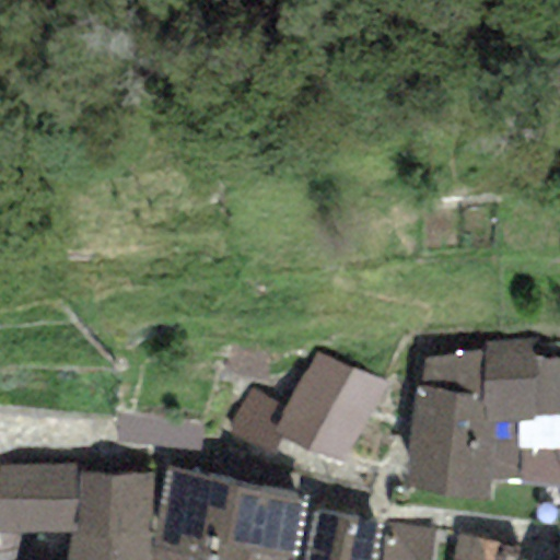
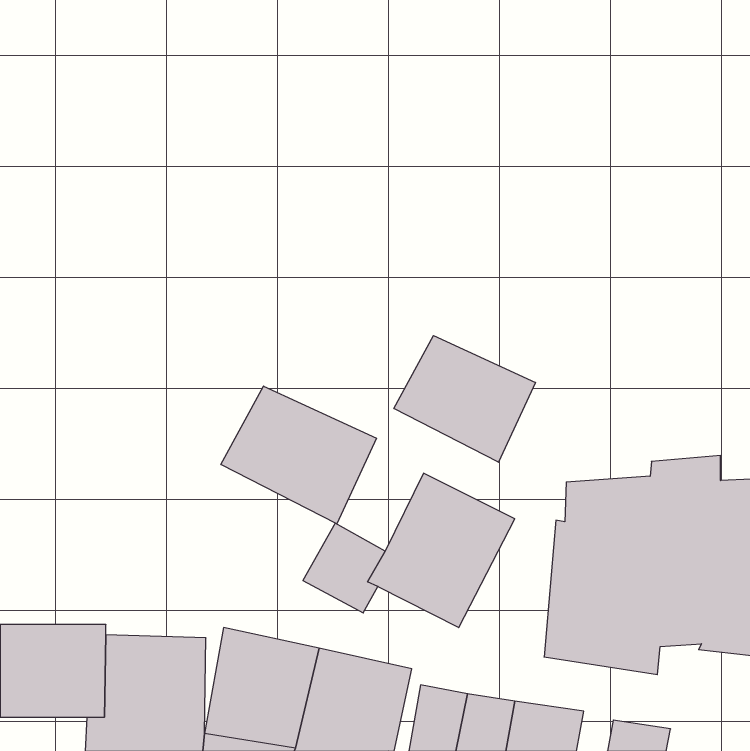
building: none -> [394,336,535,462]
building: none -> [221,386,376,524]

